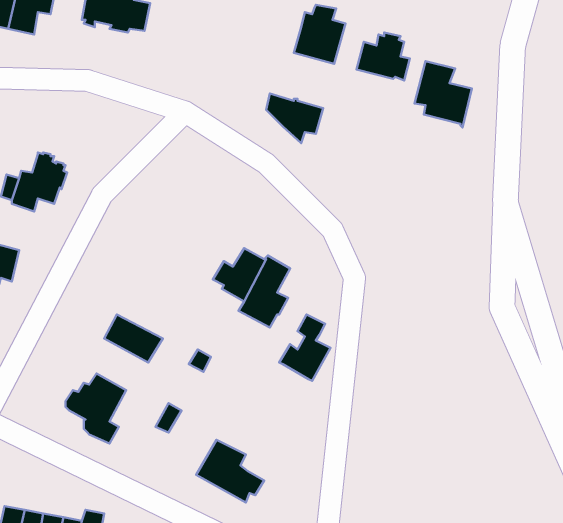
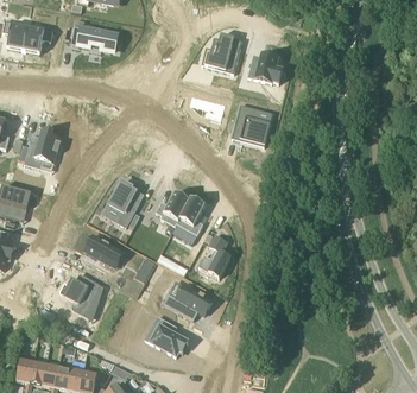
building: [415,61,472,127] -> [233,104,270,147]
building: none -> [107,180,140,227]
building: none -> [163,284,211,319]

